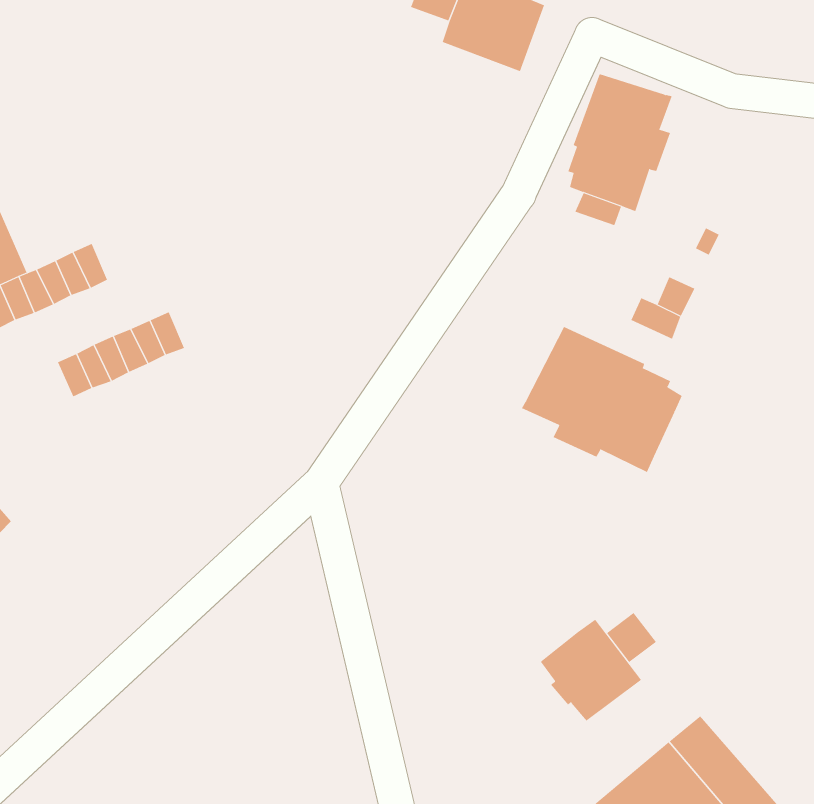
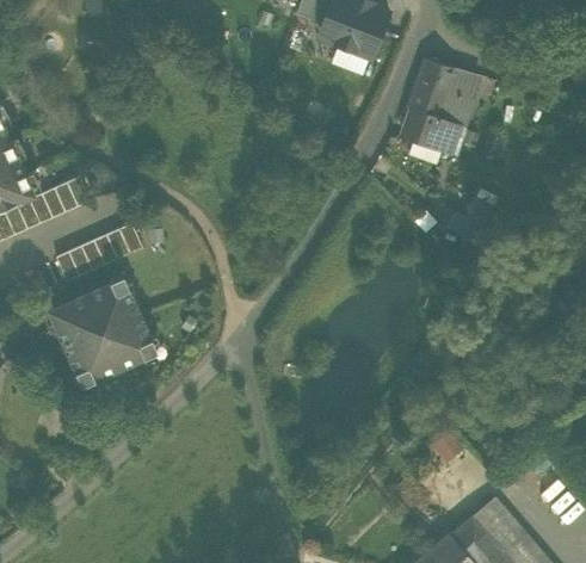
building: [521,326,683,473] -> none
building: none -> [53,282,150,379]
building: [540,619,642,722] -> none

